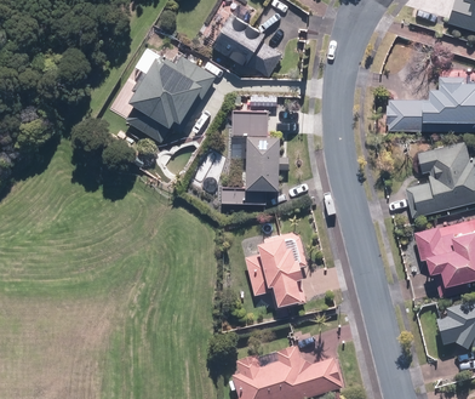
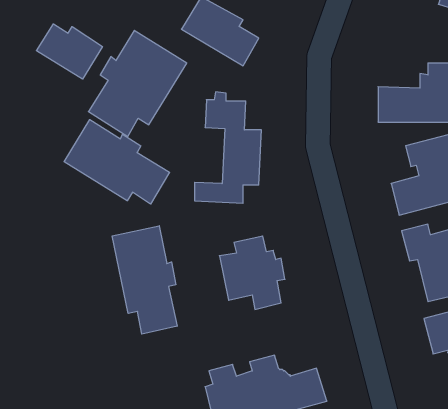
building: none -> [36,24,102,79]
building: none -> [64,120,170,204]
building: none -> [112,226,177,334]

